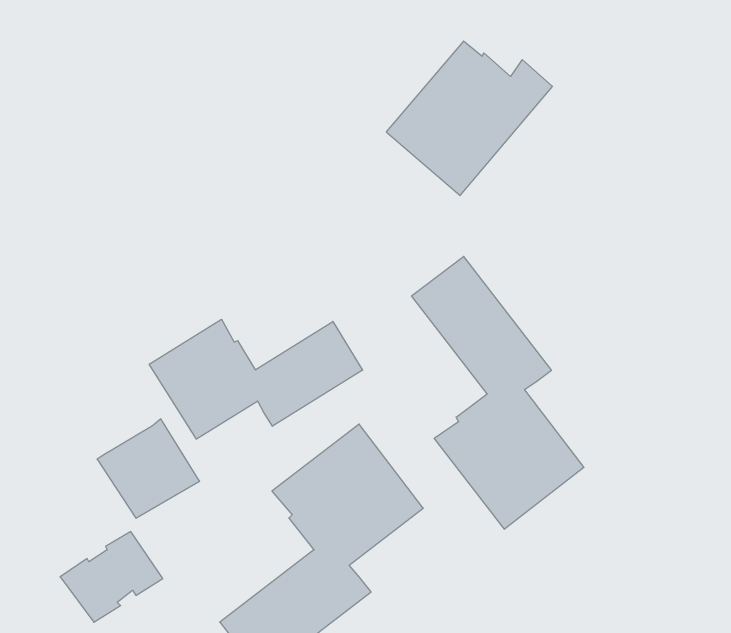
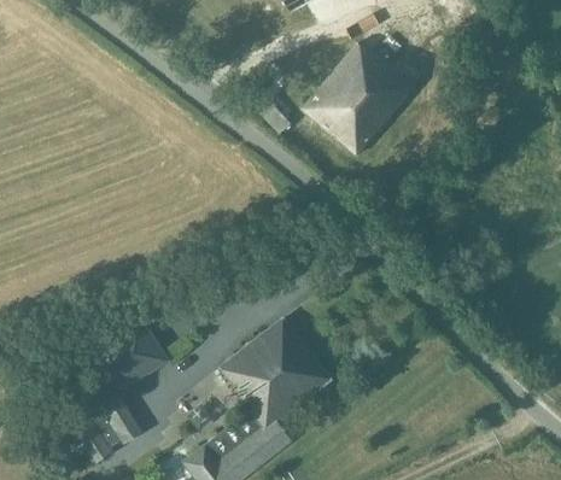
building: [412,256,584,529] -> none
building: [149,319,363,439] -> none

